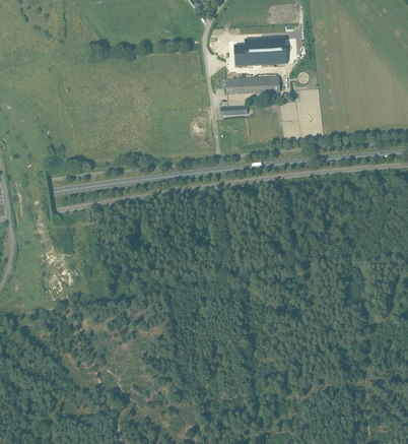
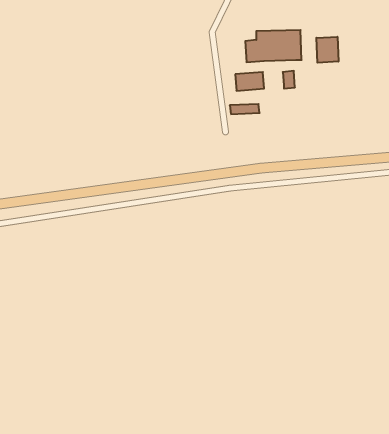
building: none -> [316,37,338,63]

